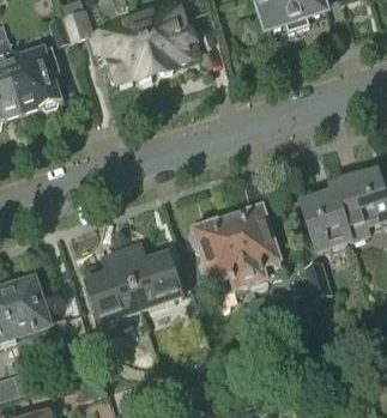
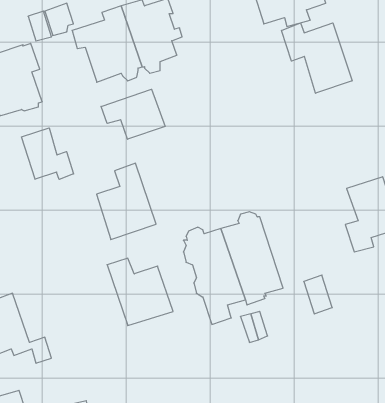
building: none -> [282,23,352,93]
building: none -> [101,89,165,139]
building: none -> [22,128,74,179]
building: [300,181,355,252] -> none
building: [86,252,141,322] -> [97,163,156,240]

